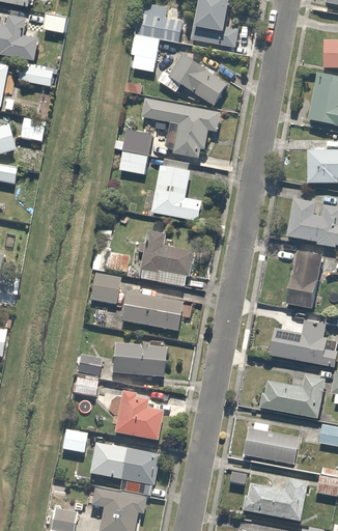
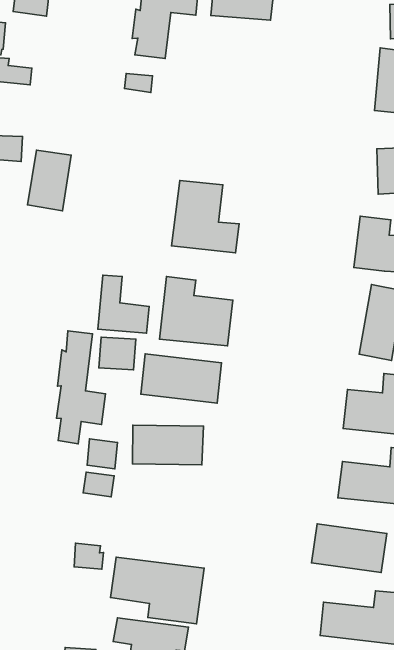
building: [159,50,228,105] -> none
building: [142,97,223,159] -> none
building: [119,129,154,175] -> [27,150,71,211]
building: none -> [57,331,105,444]
building: [113,394,165,442] -> none

